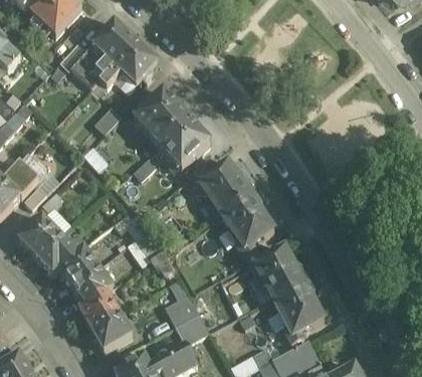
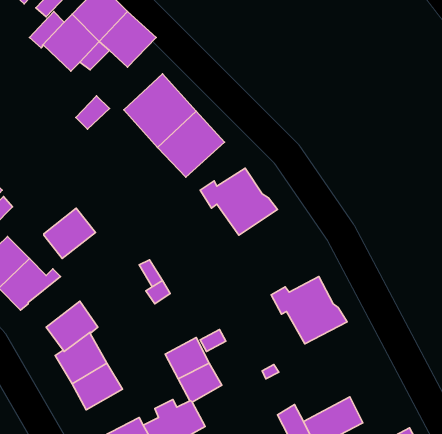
building: [223,196,275,257] -> none
building: [59,248,99,288] -> [44,208,96,258]
building: [274,284,325,344] -> none

